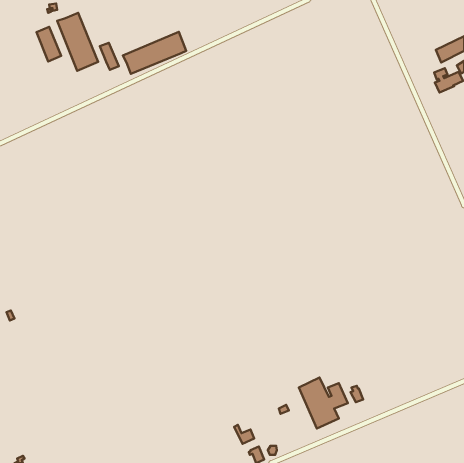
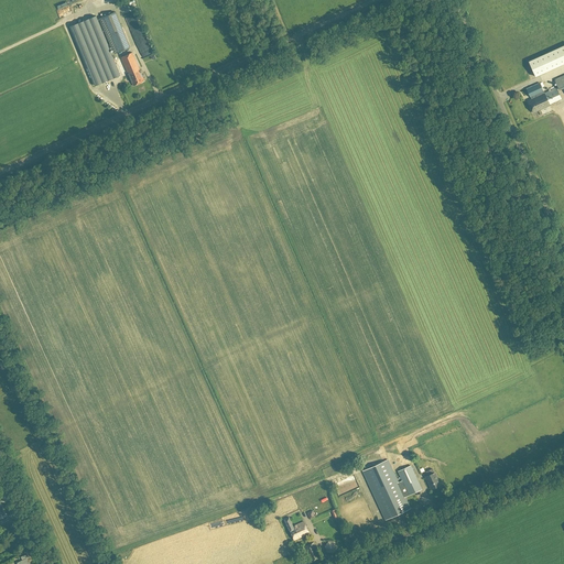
building: [37,27,61,61] -> [100,11,130,53]
building: [123,32,186,74] -> none

